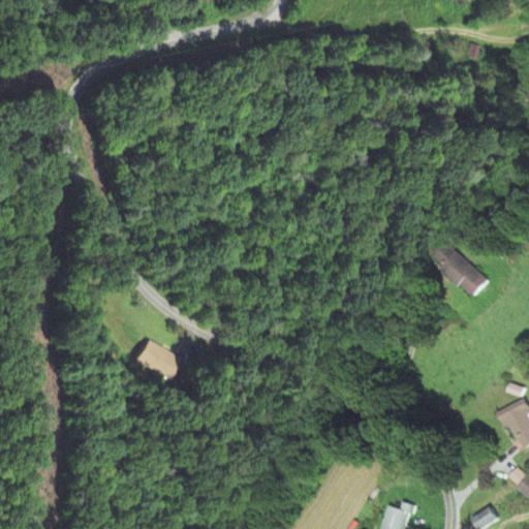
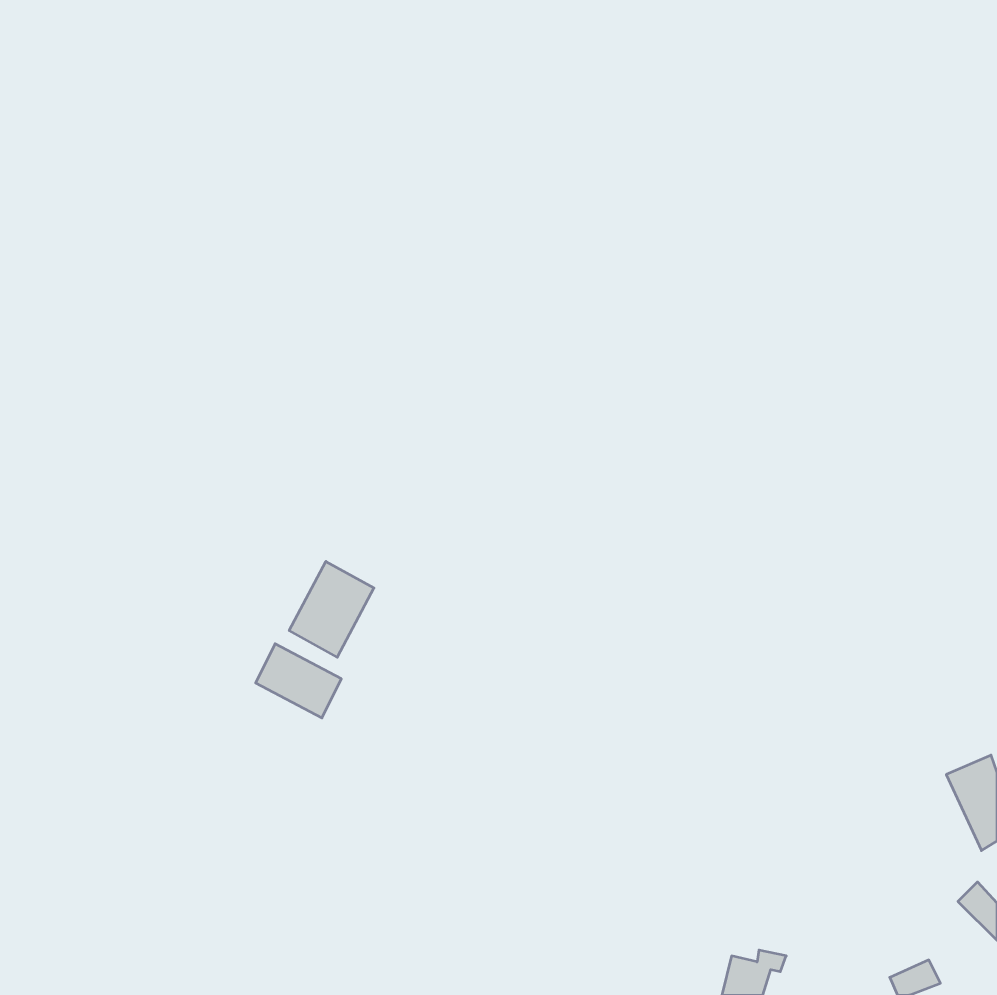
building: [431,242,489,298] -> none
building: none -> [289,561,374,657]

